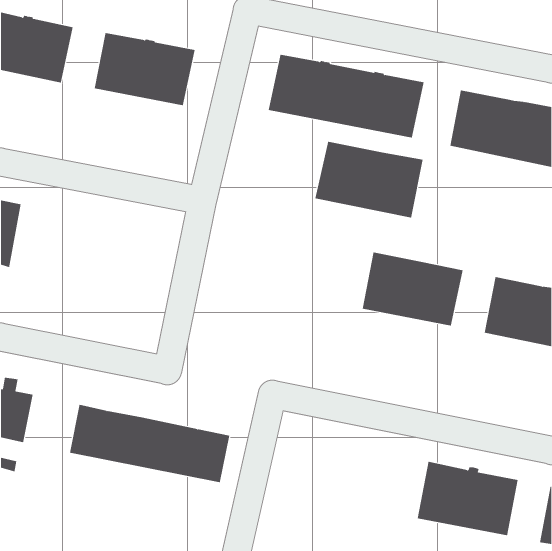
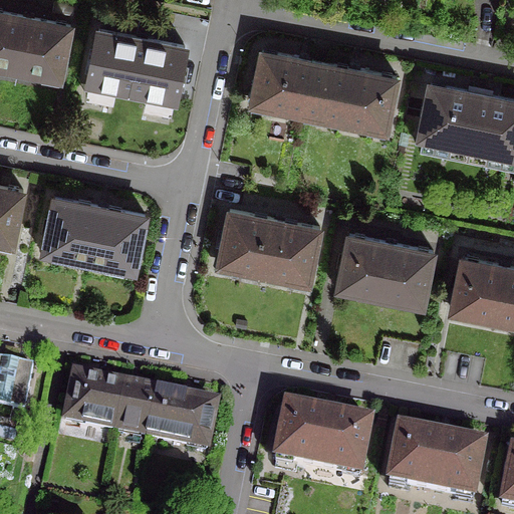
building: [315,141,424,218] -> [216,211,317,282]
building: none -> [41,198,143,278]
building: none -> [274,408,368,477]

